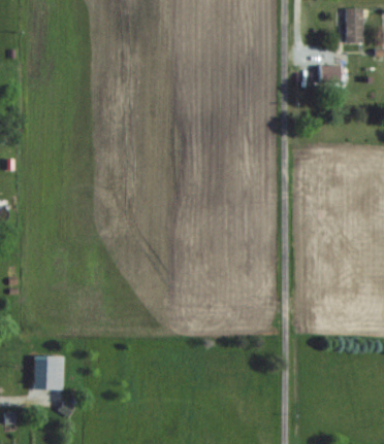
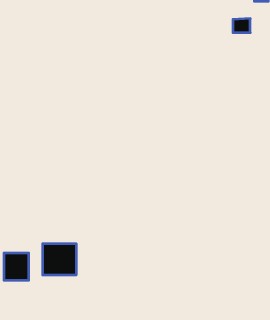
building: none -> [43,244,76,275]

